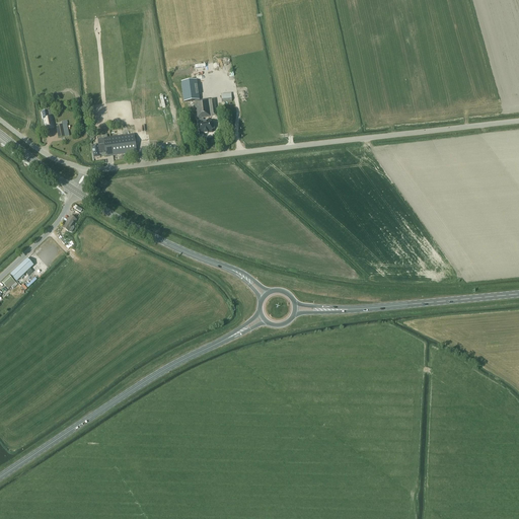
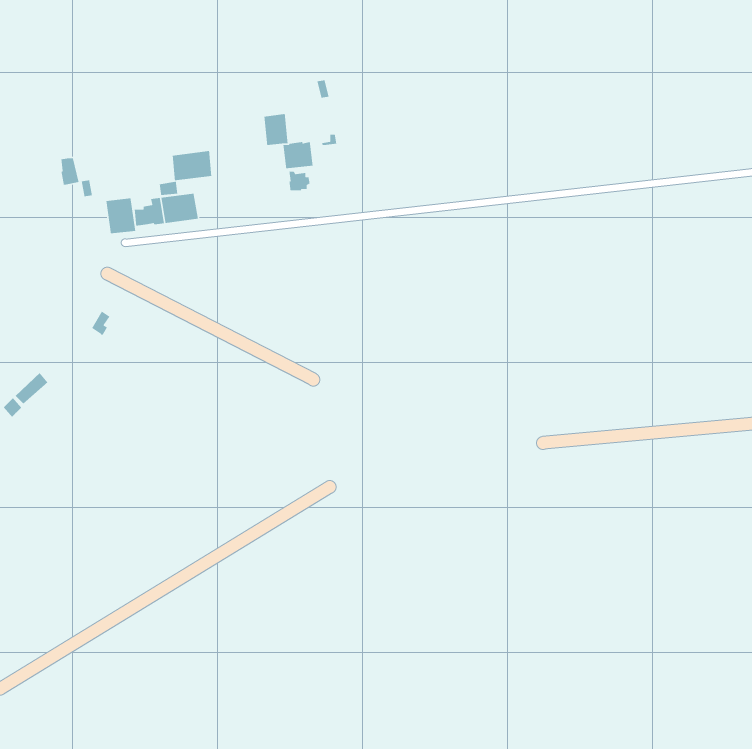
building: none -> [172,150,212,181]
building: none -> [105,198,136,234]

